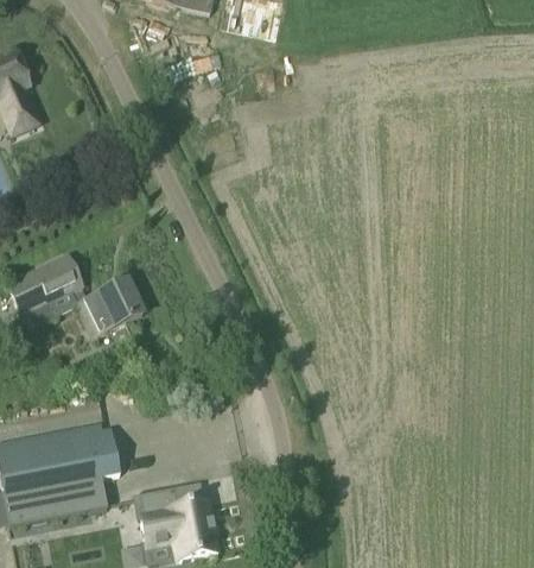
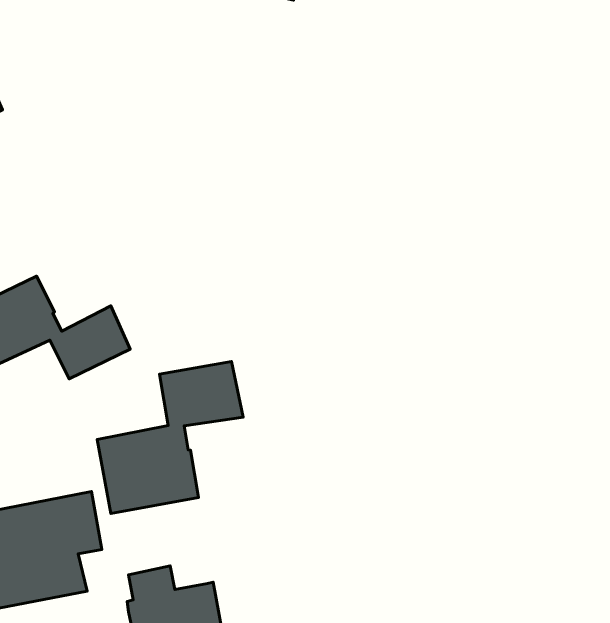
building: none -> [97,361,243,513]

